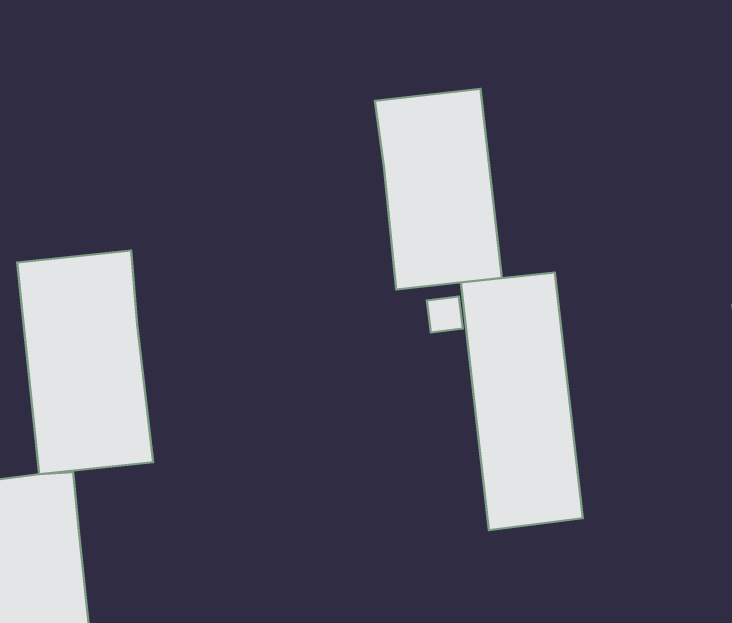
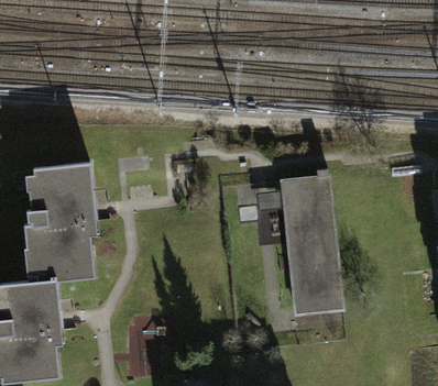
building: [375,89,502,290] -> none

